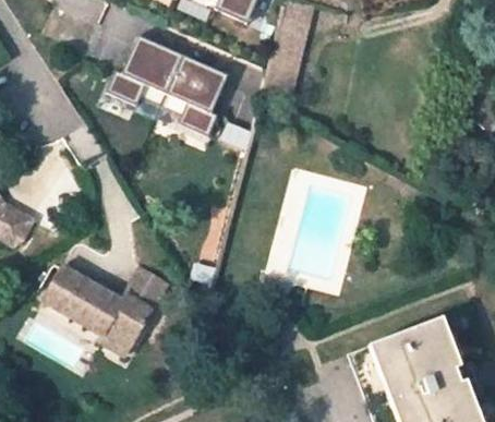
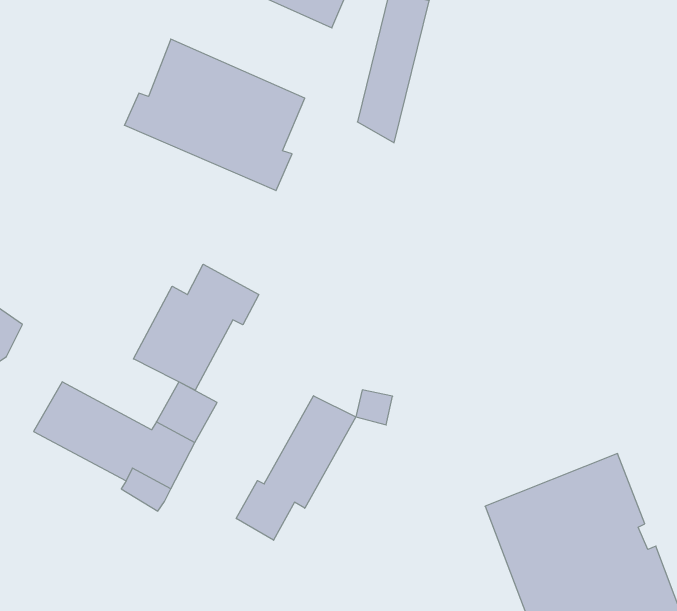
building: none -> [133,264,259,390]
building: none -> [236,396,356,540]

